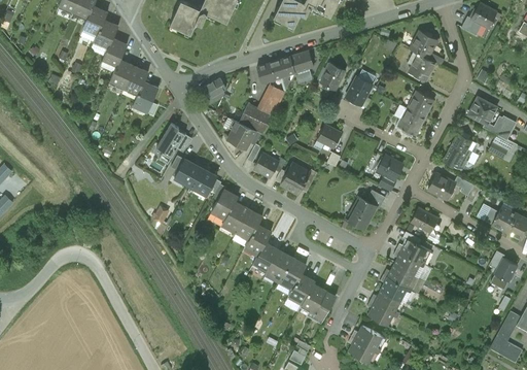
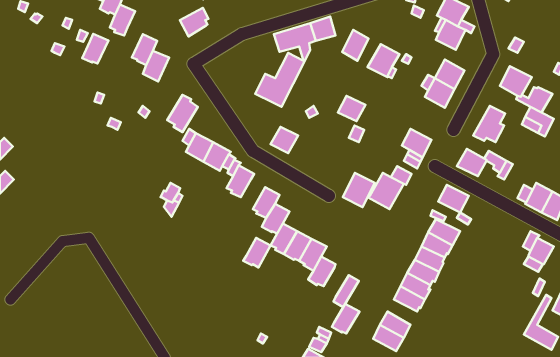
building: [109,60,134,88] -> [82,34,109,64]
building: [199,78,225,105] -> [180,8,208,37]
building: [224,117,255,148] -> none
building: [280,163,310,195] -> [343,173,375,207]
building: [222,202,248,230] -> [243,238,271,267]
building: [301,284,326,312] -> [332,304,360,334]

